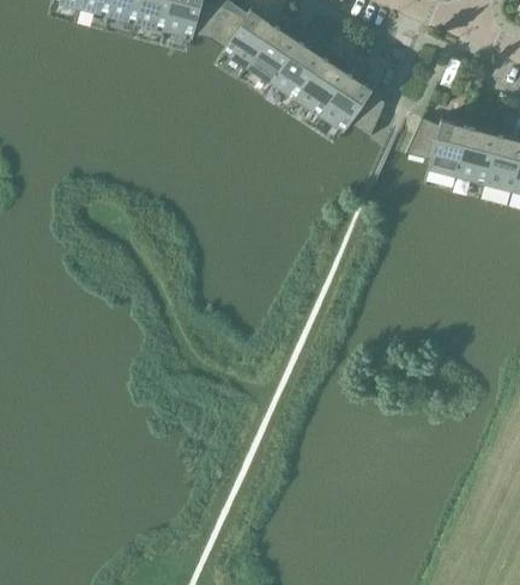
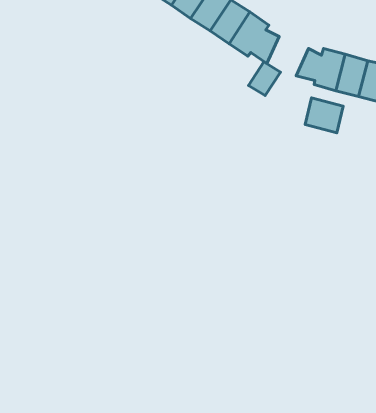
building: none -> [249,62,280,96]
building: none -> [305,98,343,133]

